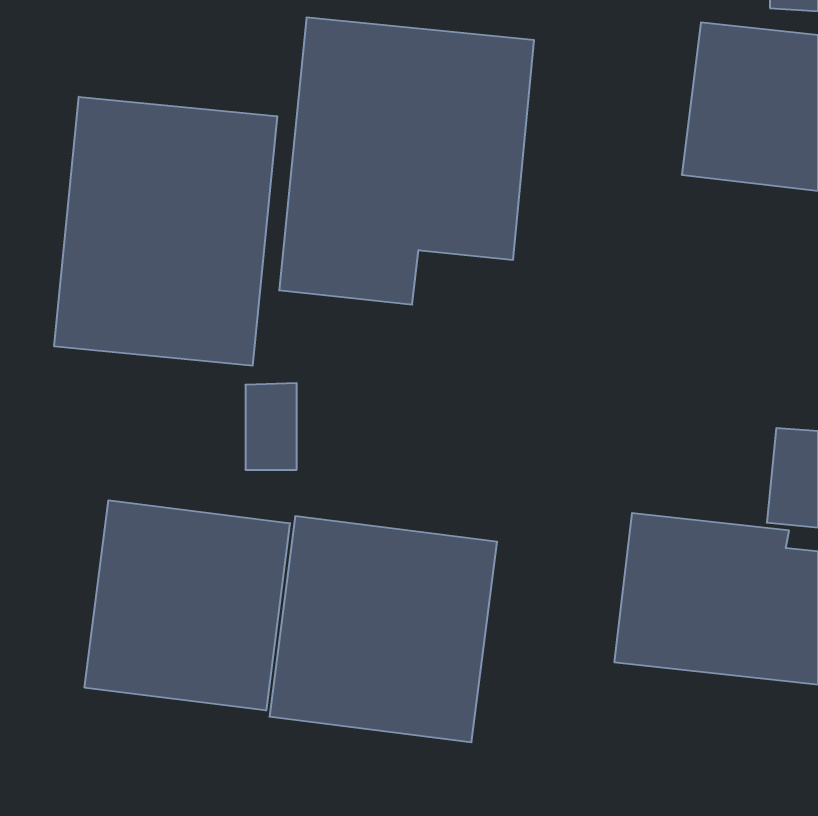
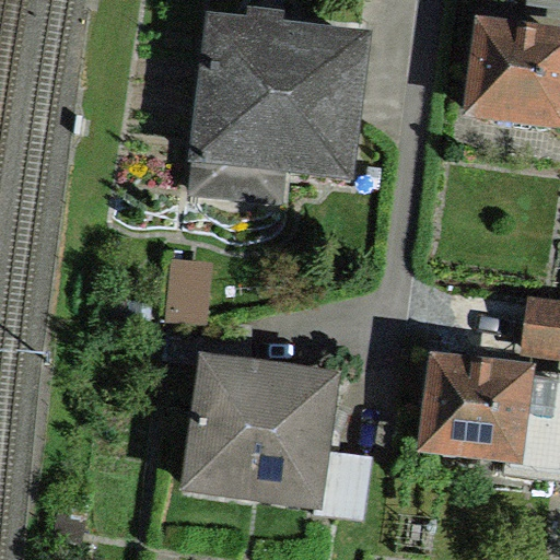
building: [54,97,277,366] -> none
building: [85,500,290,711] -> none

